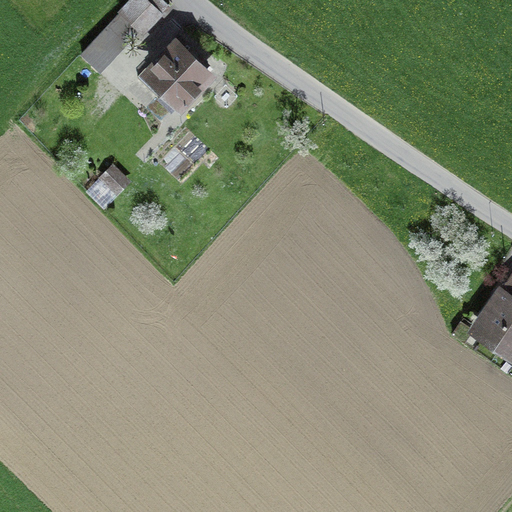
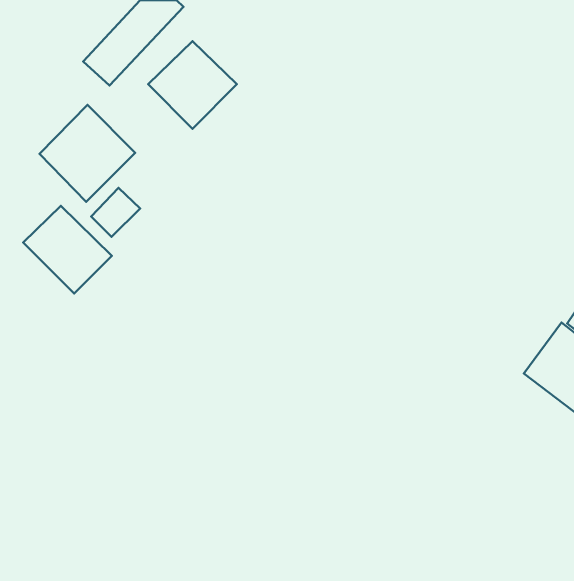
building: none -> [40,105,135,202]
building: none -> [23,206,112,293]

